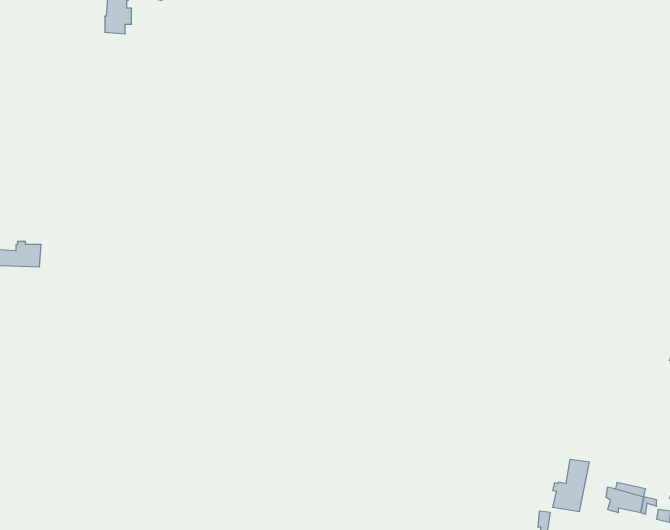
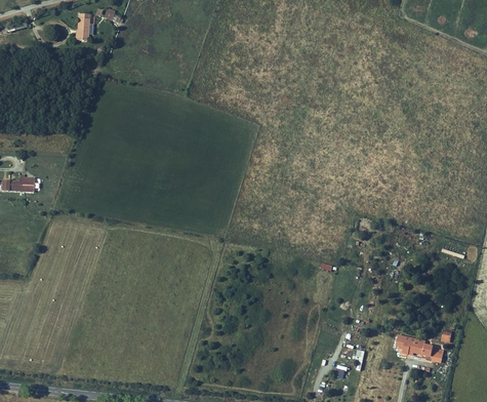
building: [553,459,589,512] -> none

